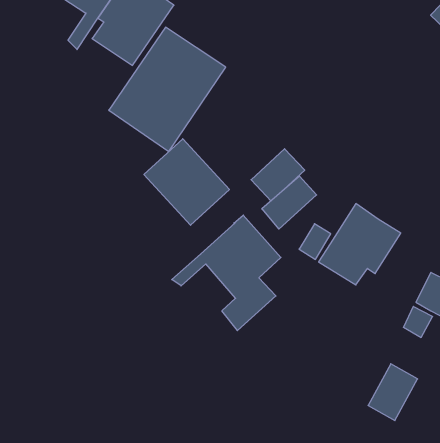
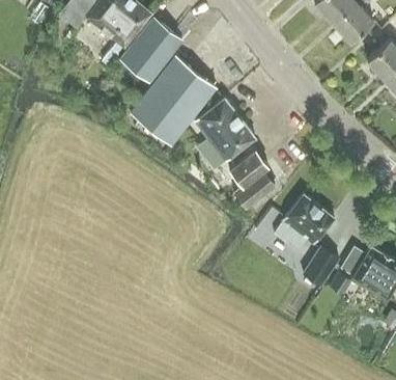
building: [144,139,229,225] -> [194,98,255,161]
building: [172,215,281,331] -> none
building: [368,364,418,421] -> [302,245,339,287]

